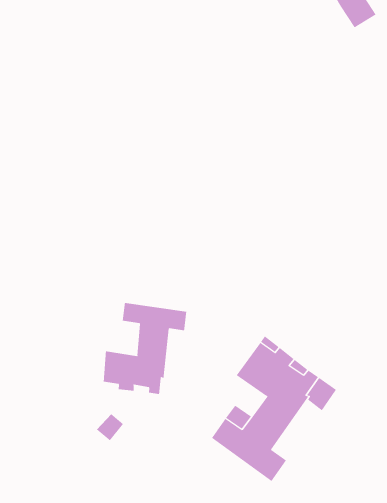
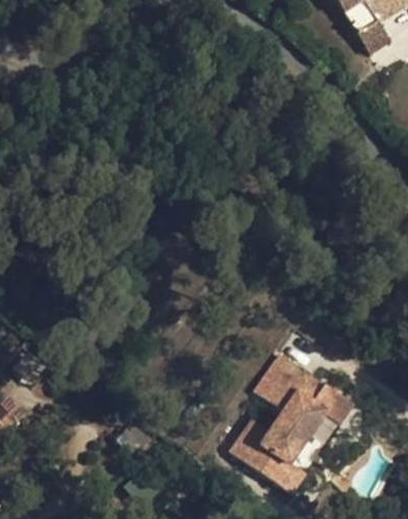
building: [103,302,187,395] -> none

